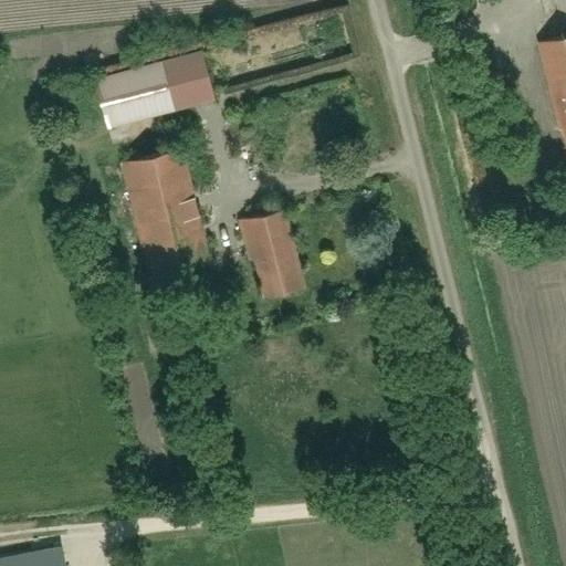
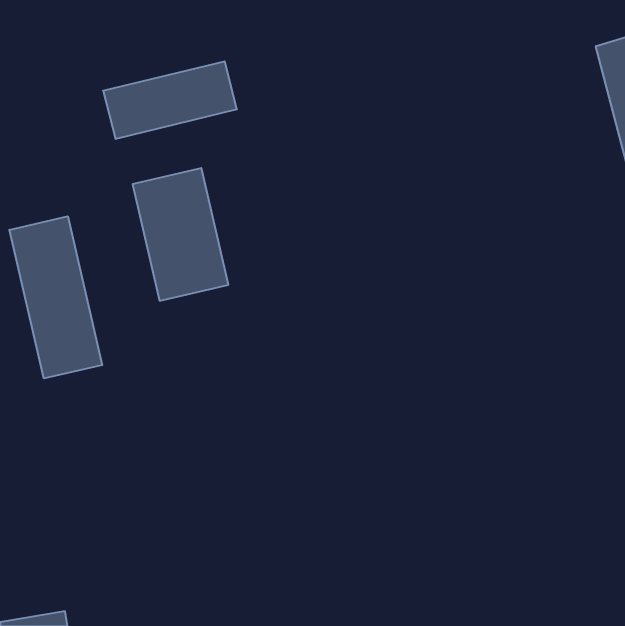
building: none -> [9,216,102,378]
building: [239,211,305,300] -> none

